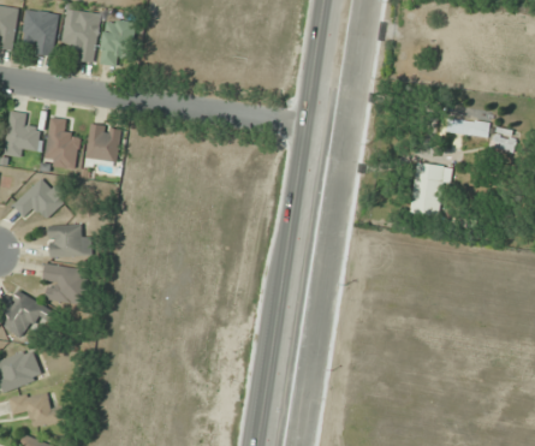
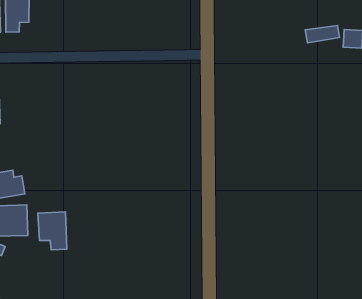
building: [85,125,120,162] -> none
building: [415,163,446,214] -> none
building: none -> [38,212,67,250]

